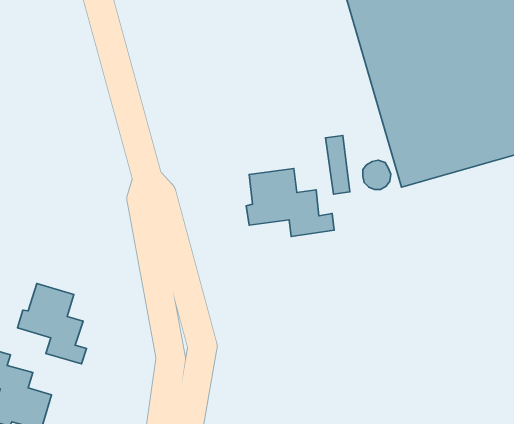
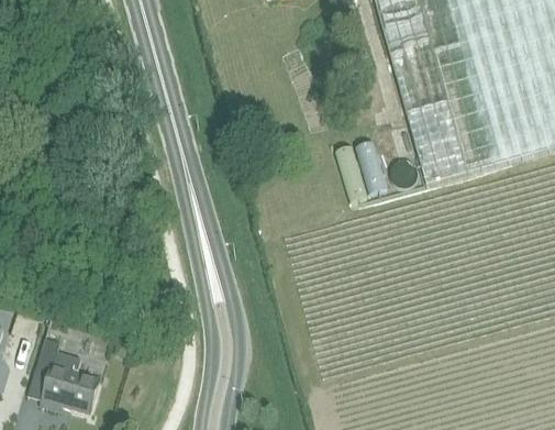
building: [246,169,334,236] -> none
building: [18,283,86,364] -> none

